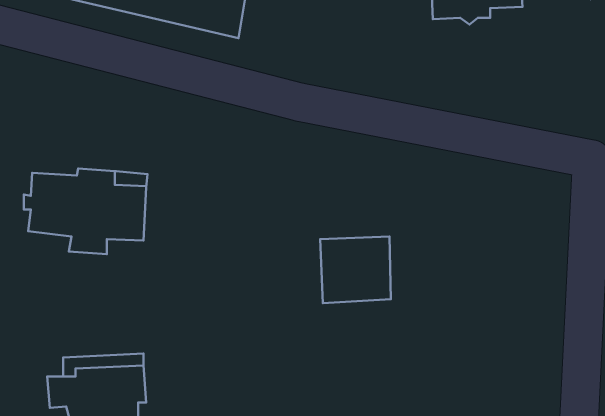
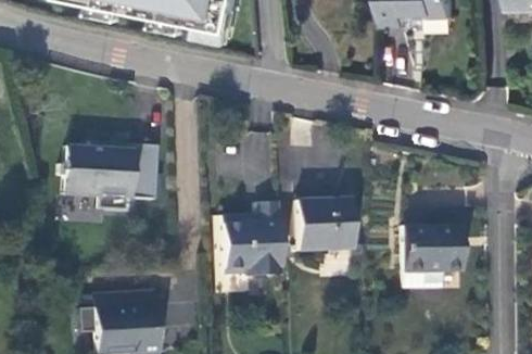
building: none -> [220,197,295,285]
building: none -> [404,222,463,287]

